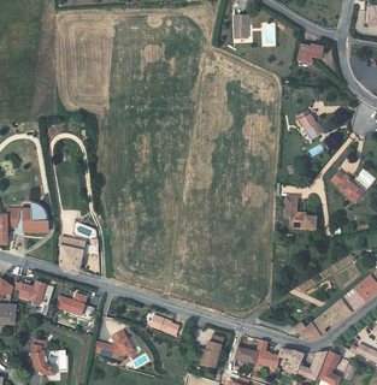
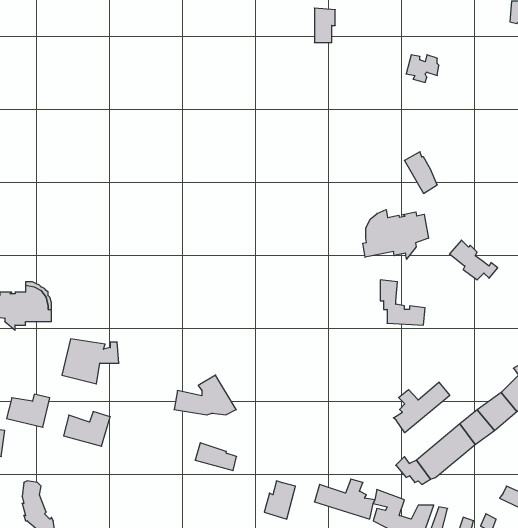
building: none -> [363,210,428,259]
building: none -> [393,382,450,433]
building: [96,330,140,357] -> [174,375,236,415]

